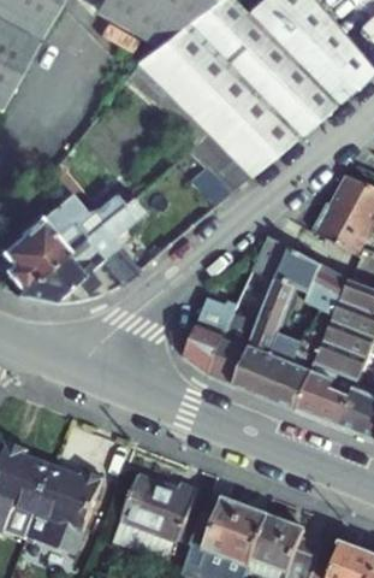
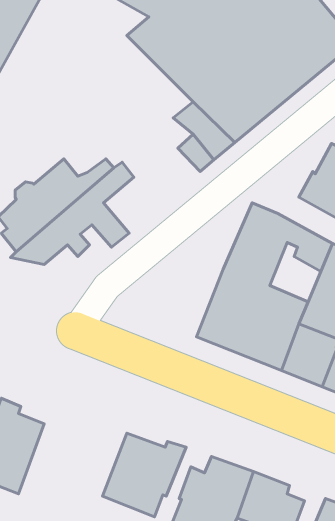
building: [183,299,236,376] -> none
building: [25,466,102,554] -> none

